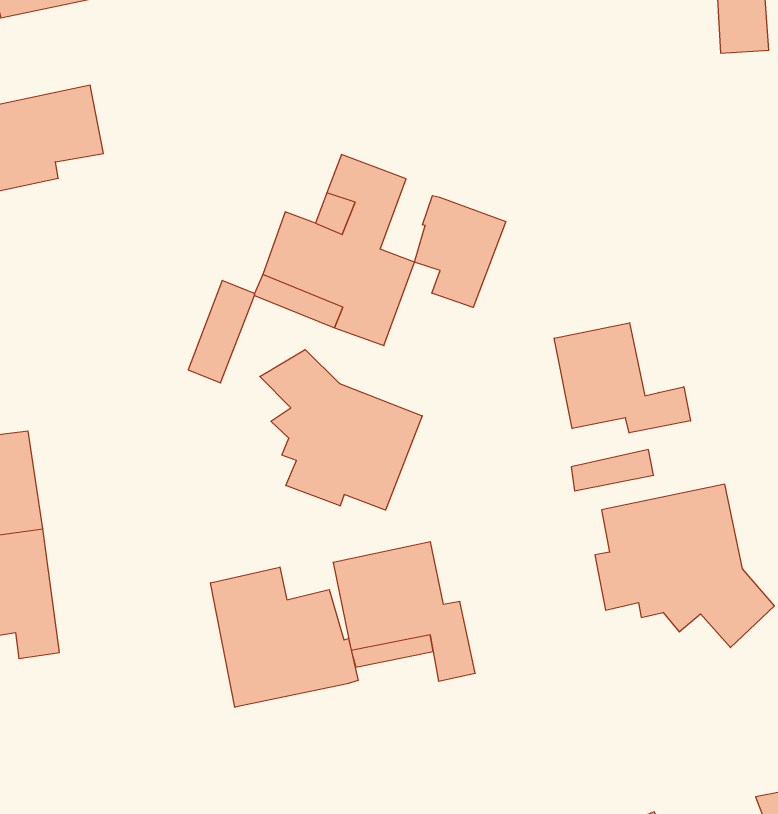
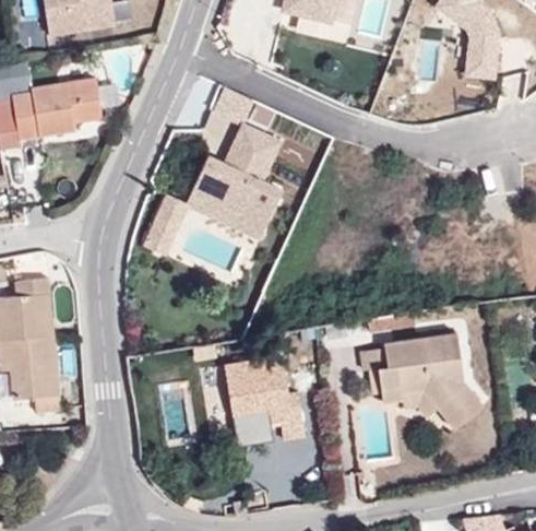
building: [415,196,506,307] -> none
building: [554,323,691,433] -> none
building: [260,350,422,510] -> none
building: [211,567,358,707] -> none

